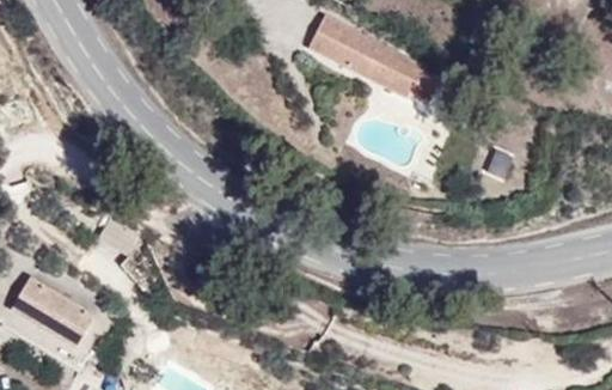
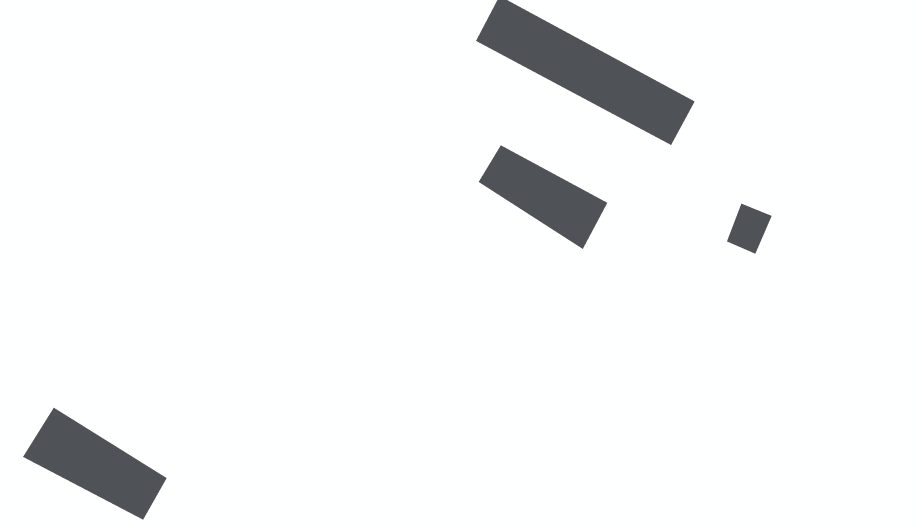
building: none -> [478,144,609,250]

